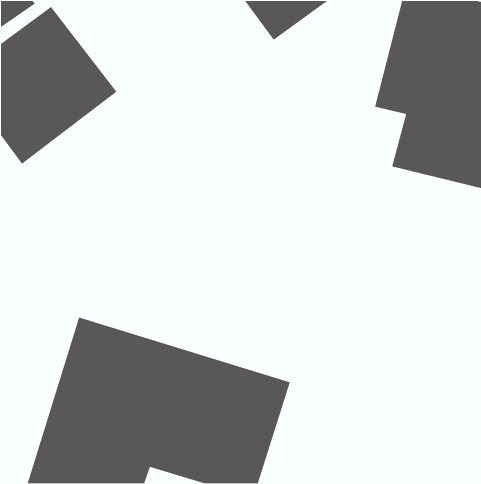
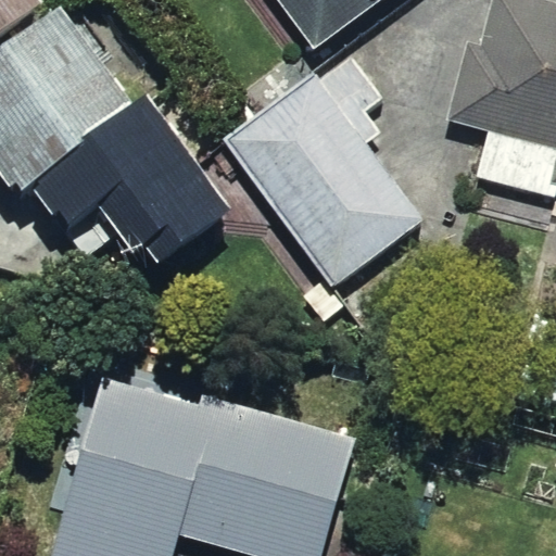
building: none -> [224,55,422,286]
building: none -> [28,97,235,262]

